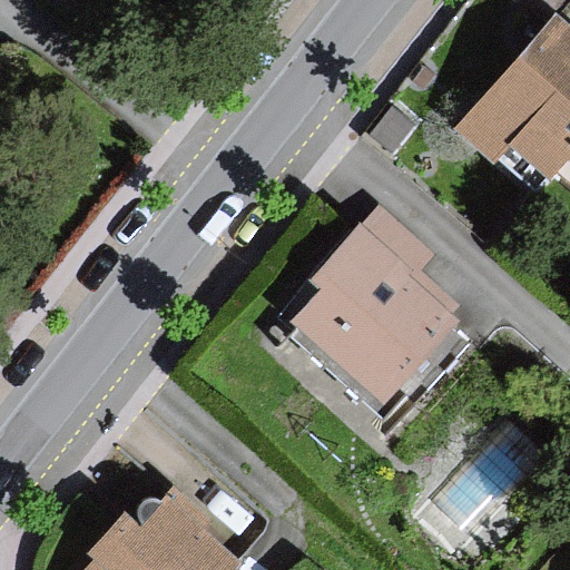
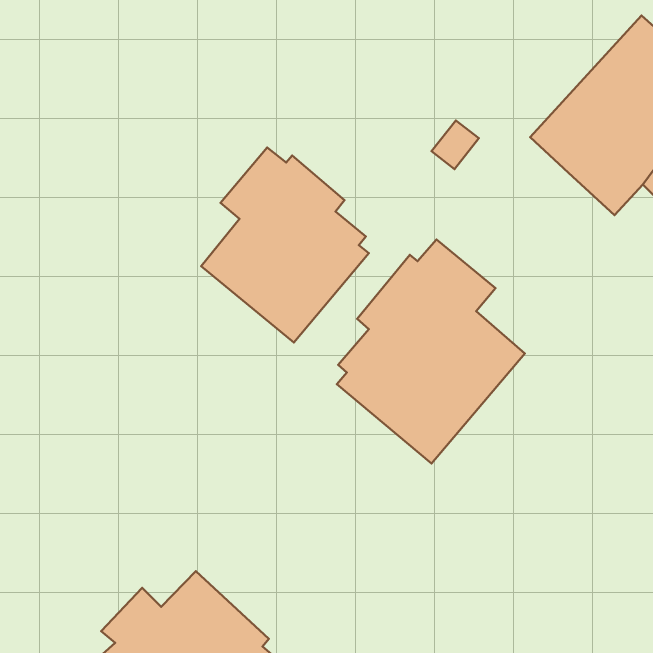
building: none -> [201,148,369,343]

